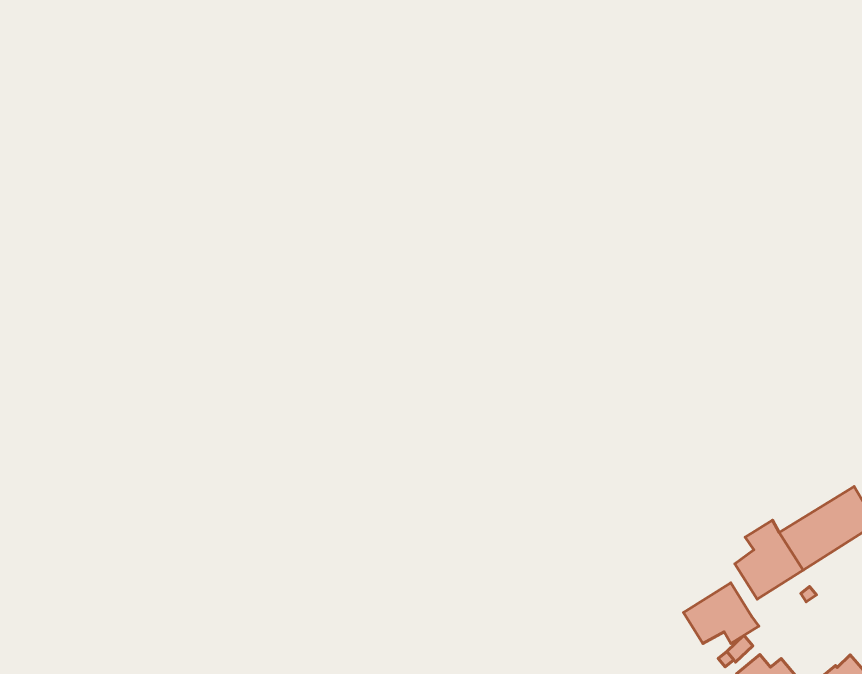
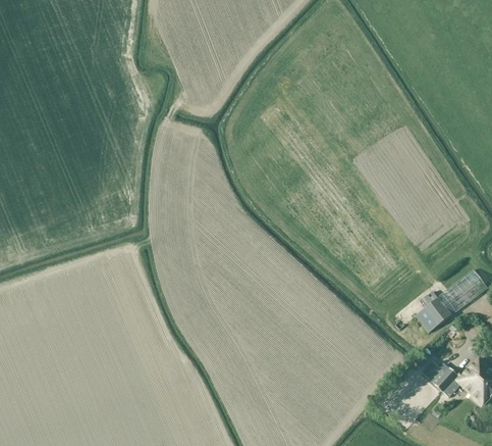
building: [683,583,759,644] -> none

